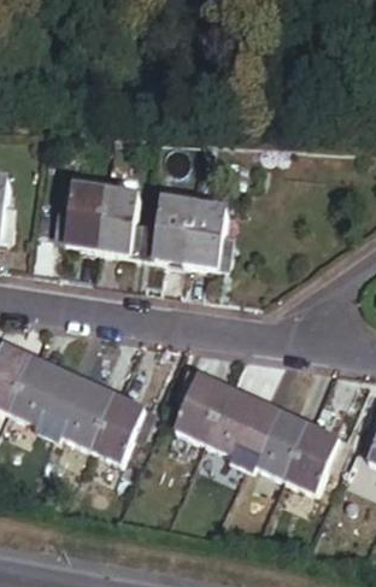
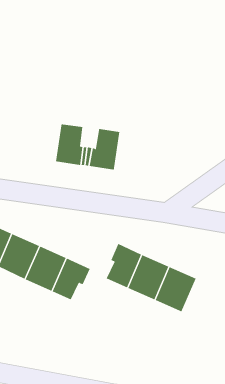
building: [59,187,105,248] -> none
building: [186,204,228,268] -> none
building: [287,424,342,487] -> none

